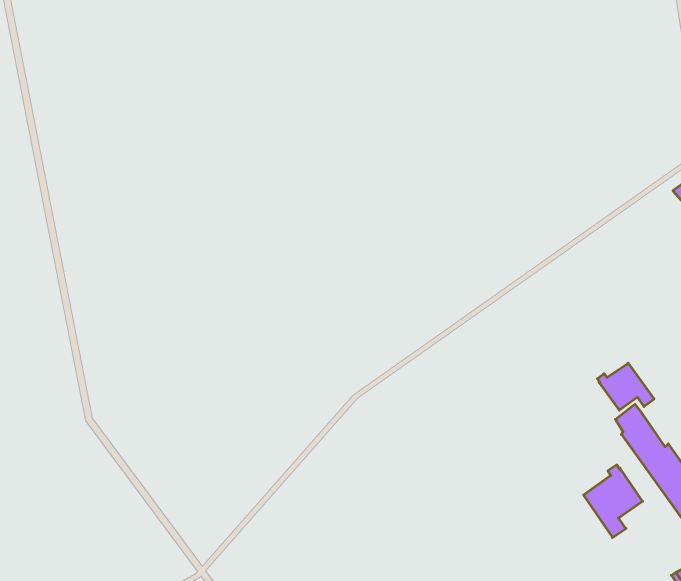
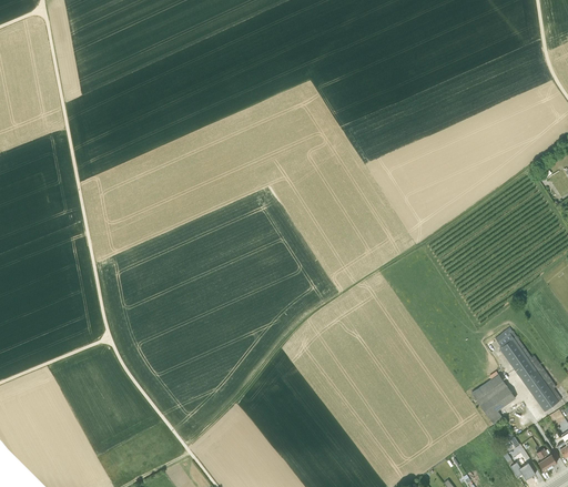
building: [597,363,654,410] -> none

